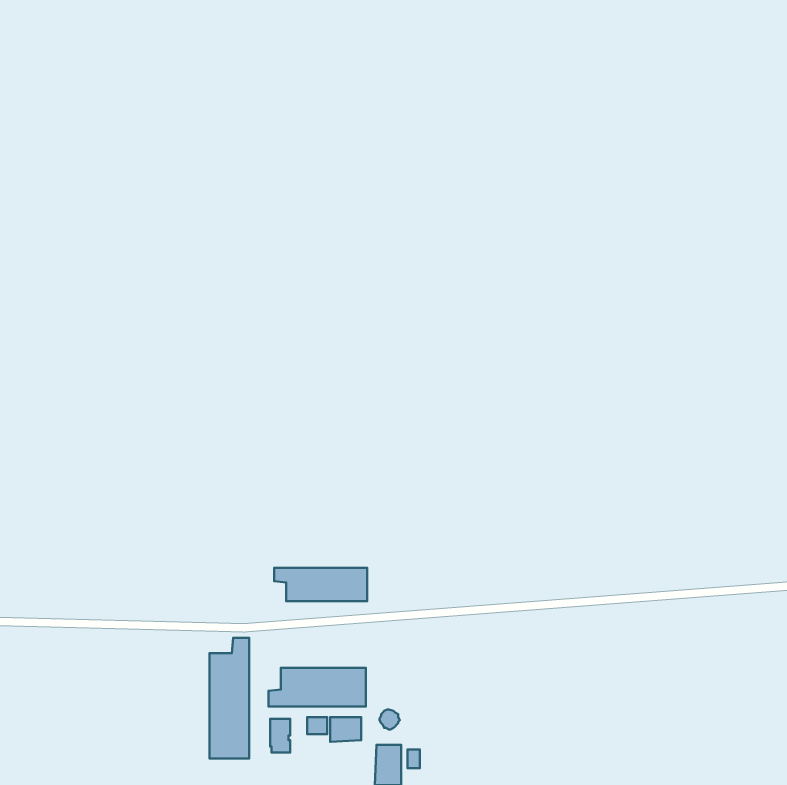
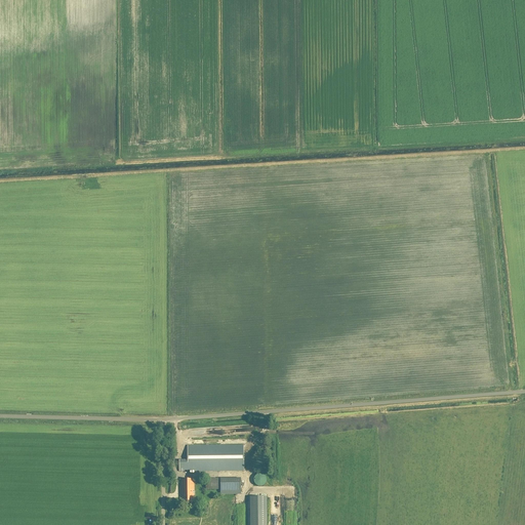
building: [274,568,367,601] -> none
building: [209,638,249,759] -> none

